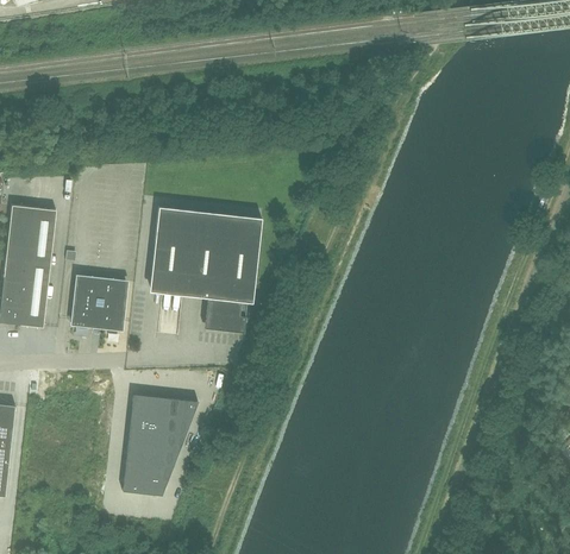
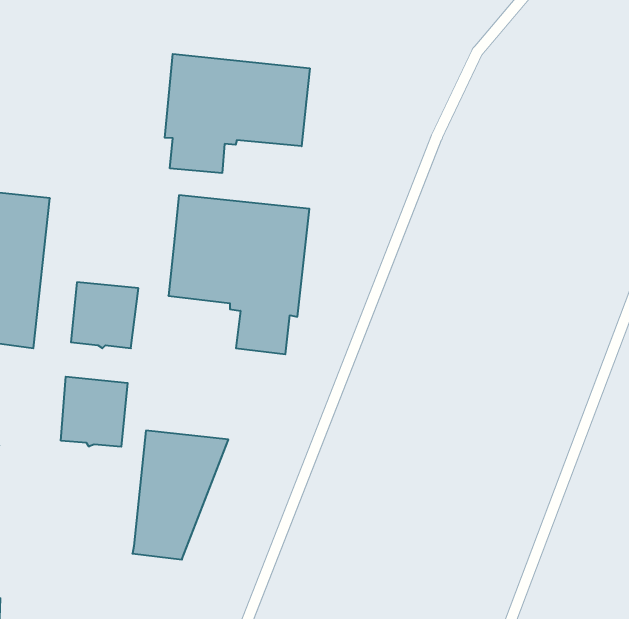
building: none -> [165,54,310,173]
building: none -> [61,377,128,447]

